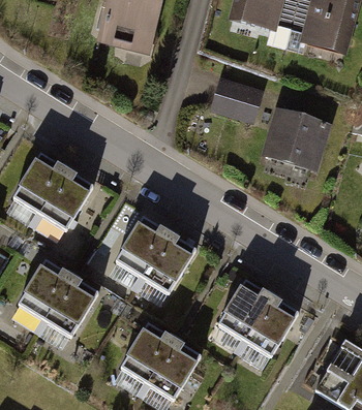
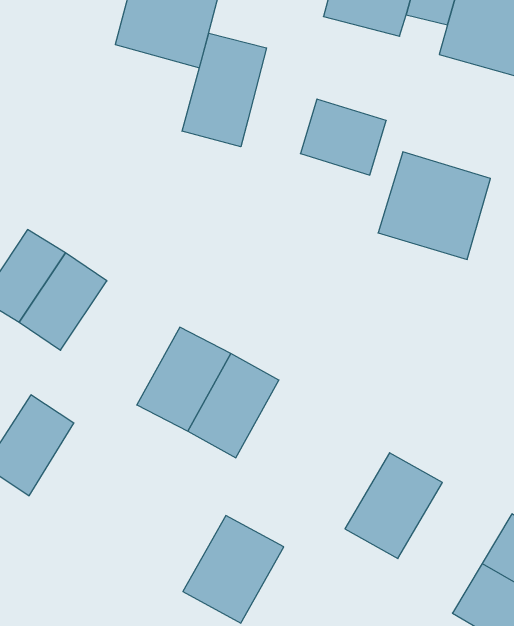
building: none -> [182,33,267,147]
building: [41,279,100,343] -> none
building: [208,279,267,345] -> none
building: [110,320,164,384] -> none

